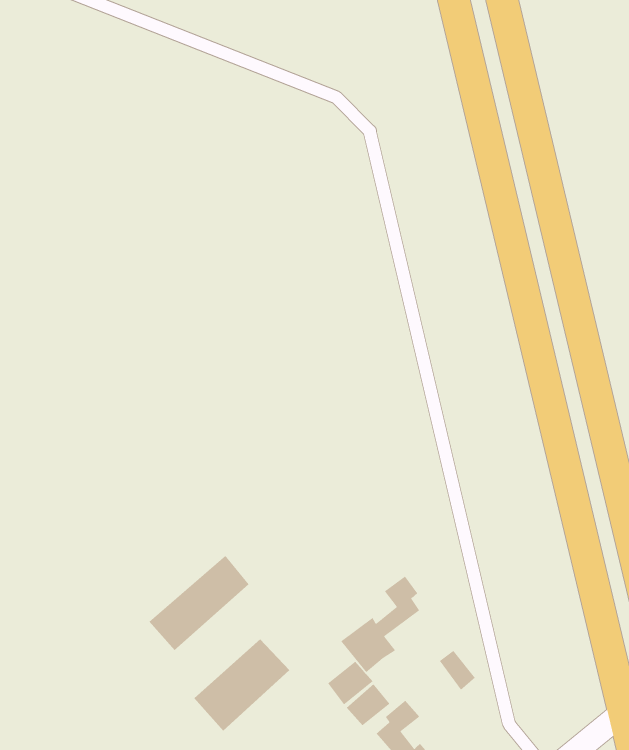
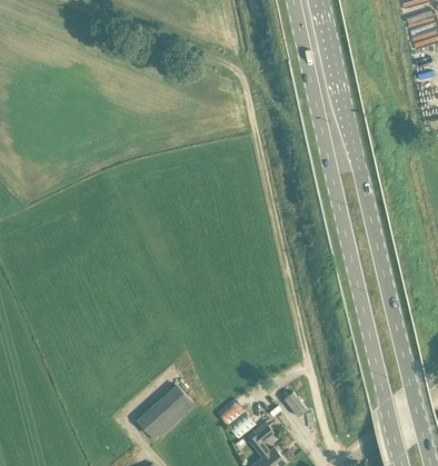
building: [148,555,250,651] -> none
building: [340,576,420,673] -> none

